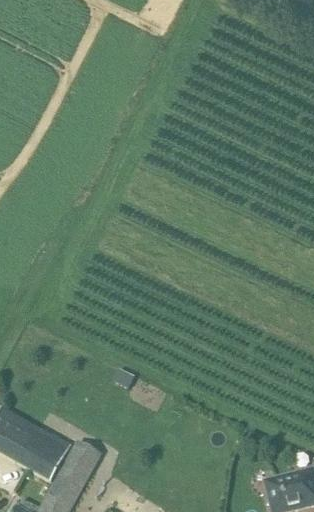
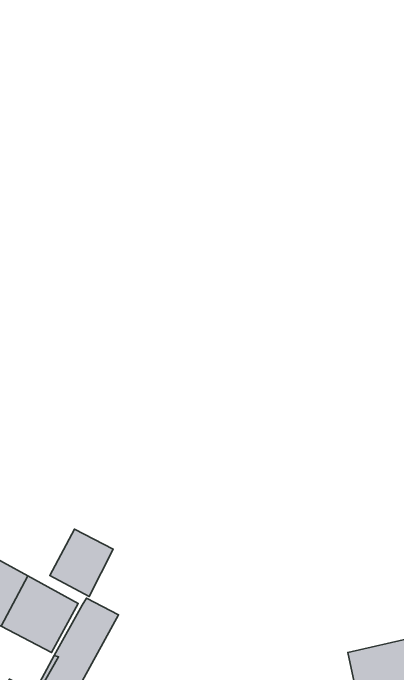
building: none -> [50,529,113,596]

